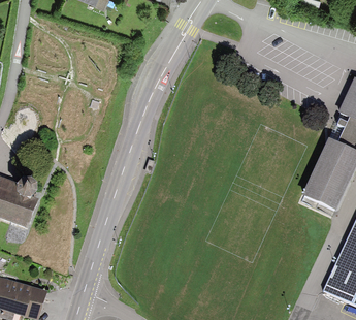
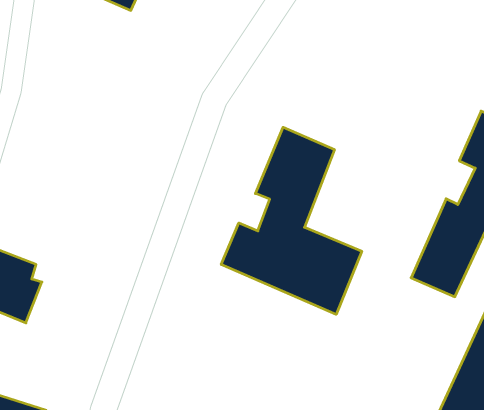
building: none -> [221,127,362,314]

